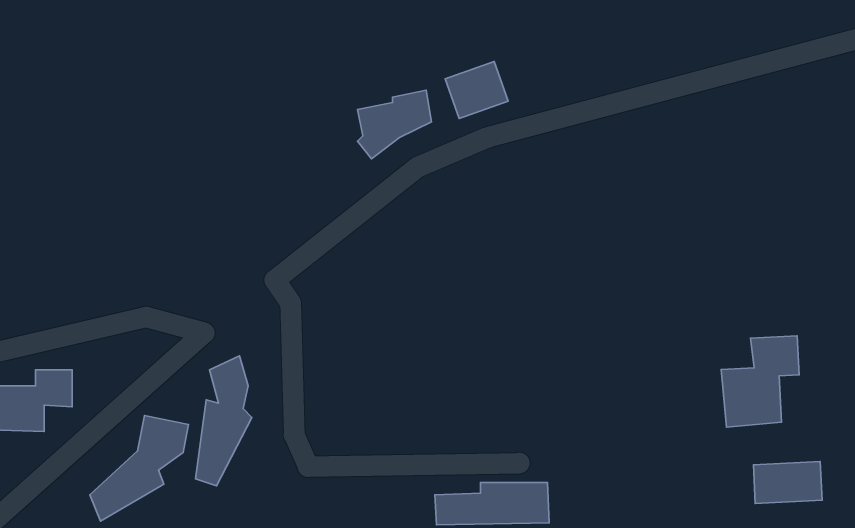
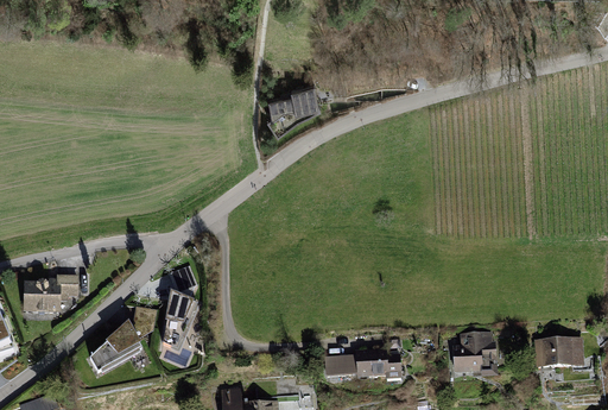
building: [445,62,508,118] -> none
building: [721,336,799,427] -> none
building: none -> [452,333,493,374]

